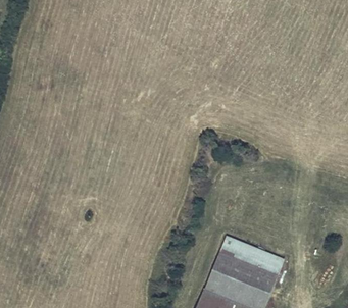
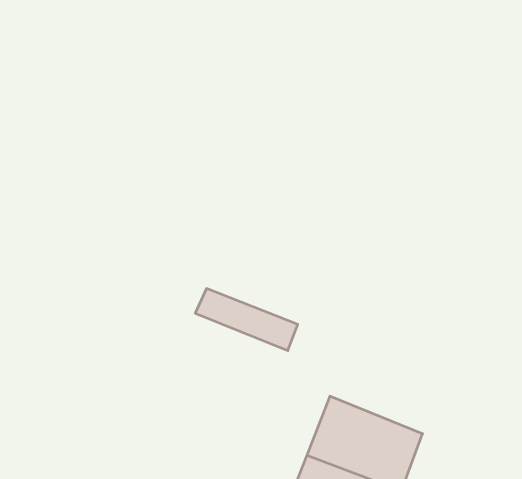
building: [219,236,284,274] -> [195,289,298,351]

